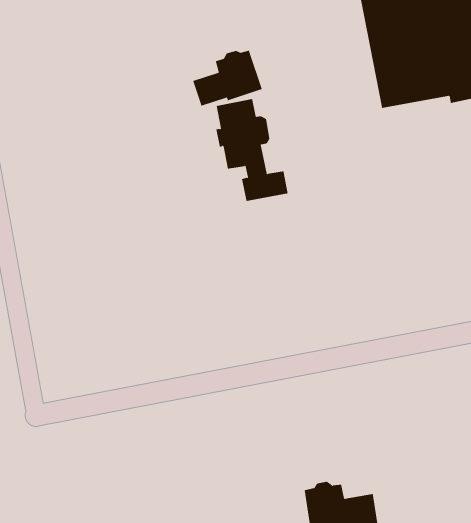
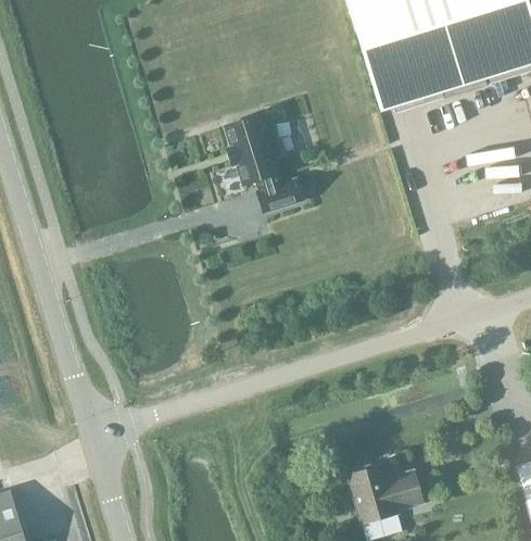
building: [192,50,263,106] -> none

